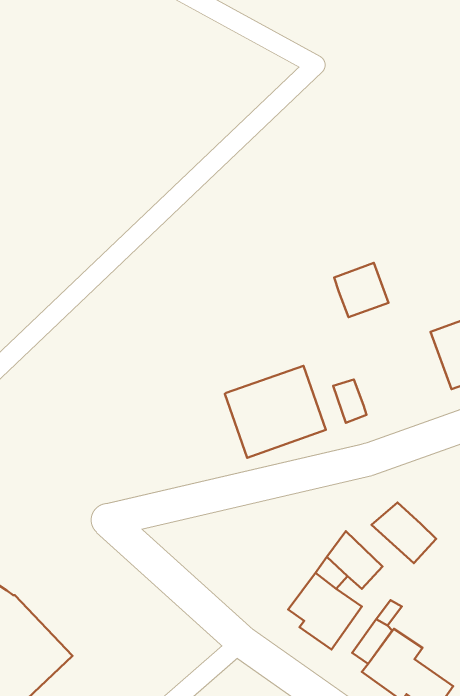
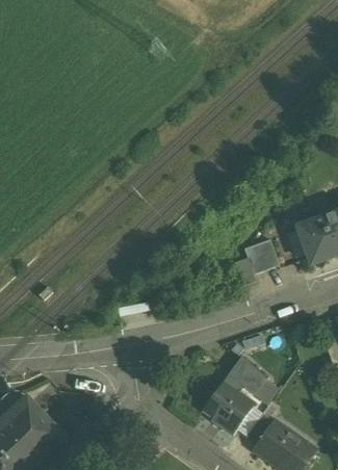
building: [334,263,388,317] -> [245,239,281,275]
building: [225,366,326,458] -> none
building: [372,502,436,563] -> none

